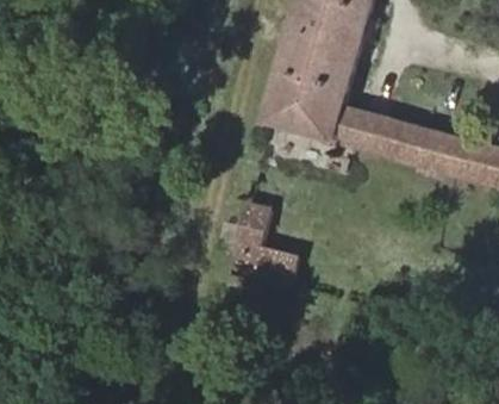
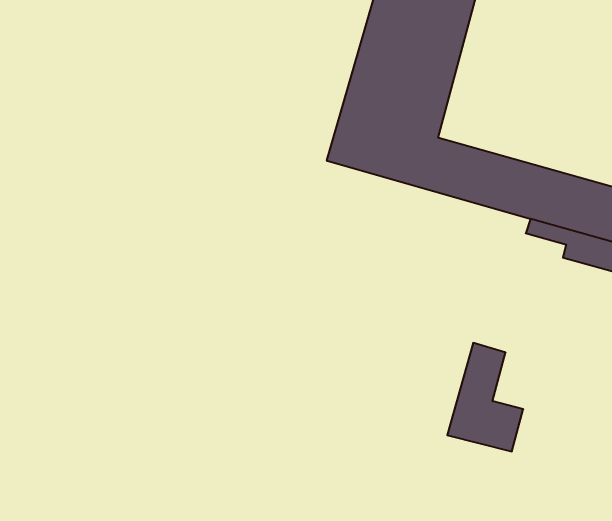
building: [227,200,283,280] -> [447,343,523,451]

